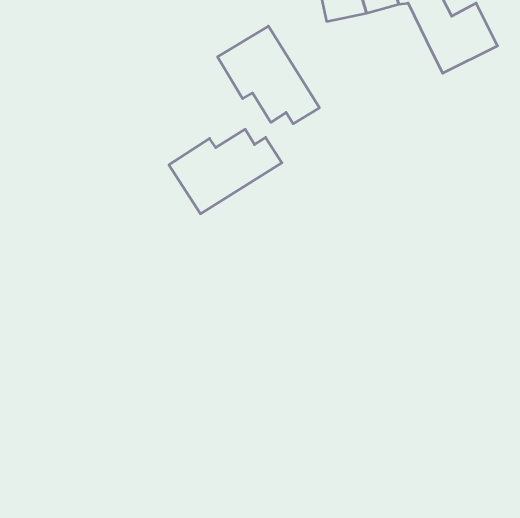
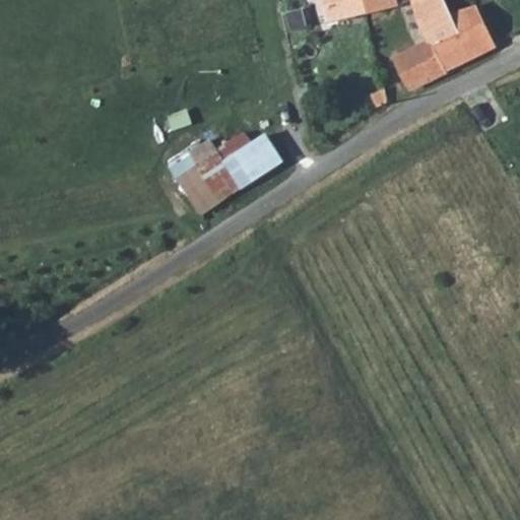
building: [218,26,319,124] -> none
building: none -> [394,41,442,89]

